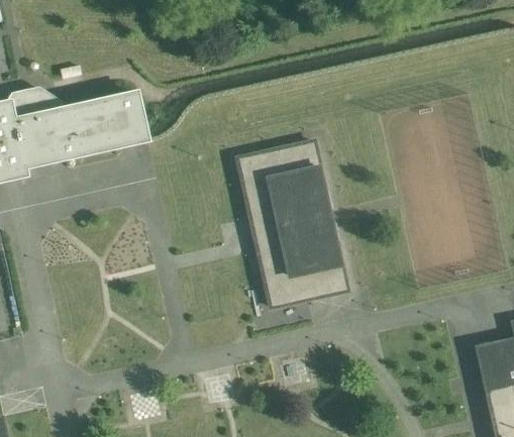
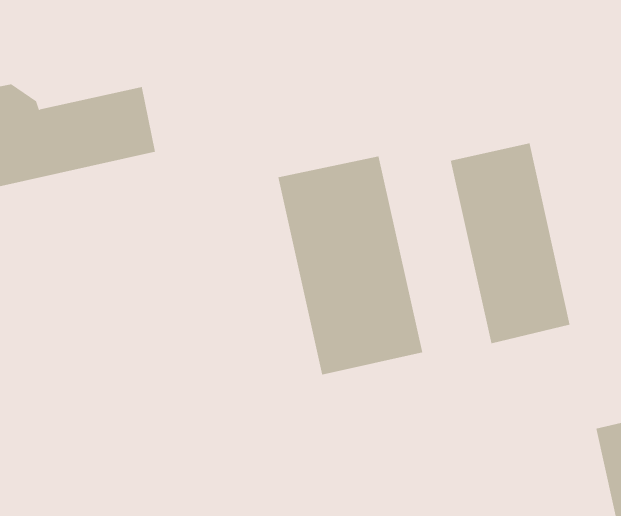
building: none -> [450,143,570,344]

